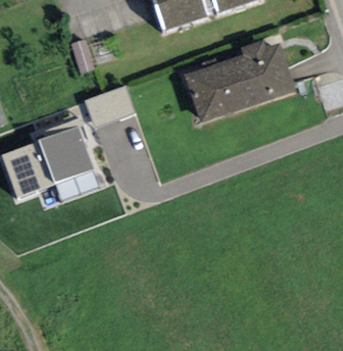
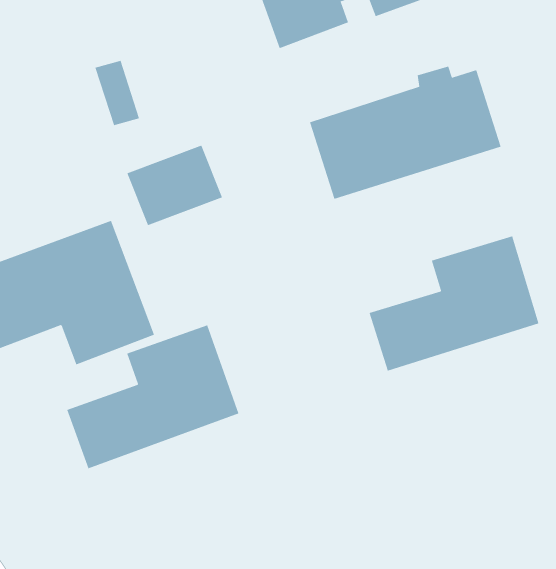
building: none -> [369,236,539,372]
building: none -> [66,325,239,469]

